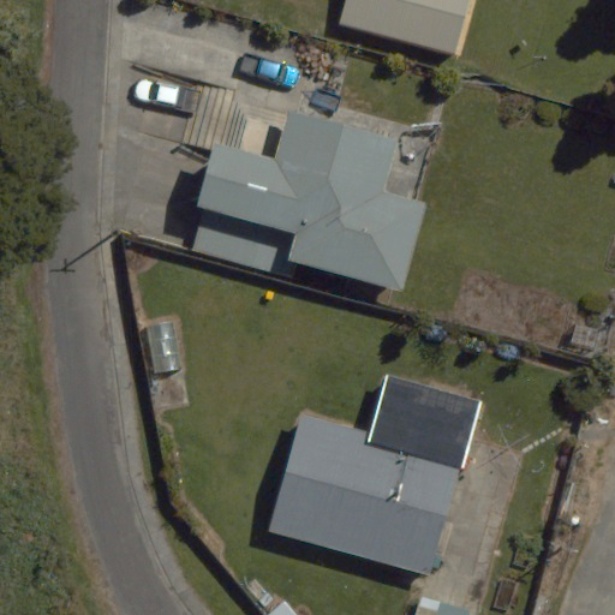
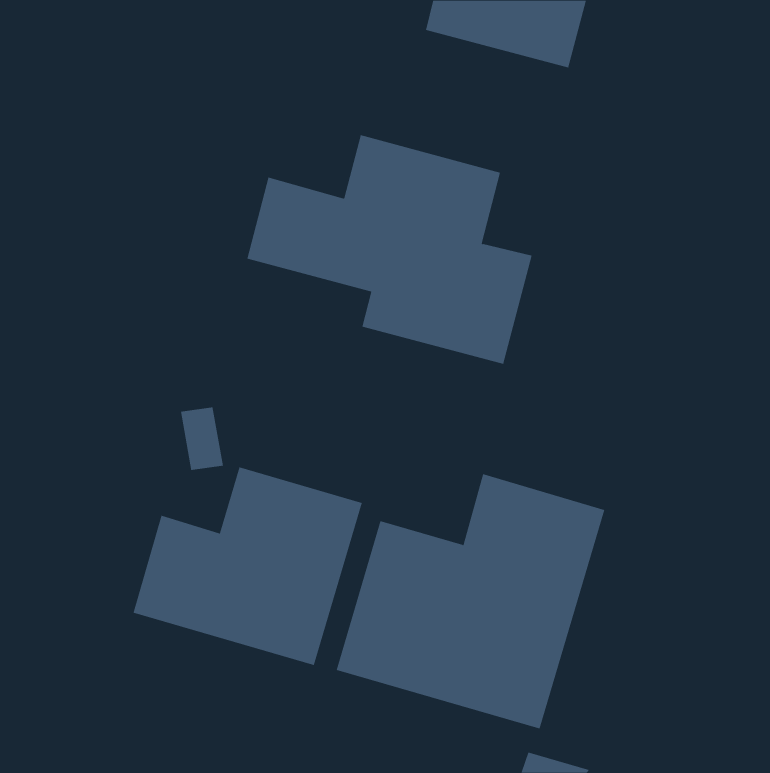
building: none -> [133,466,363,666]

